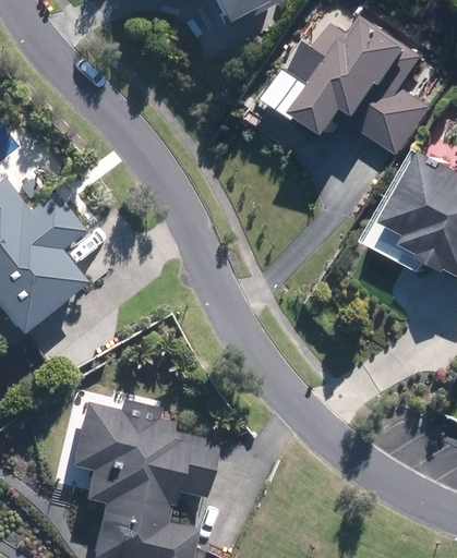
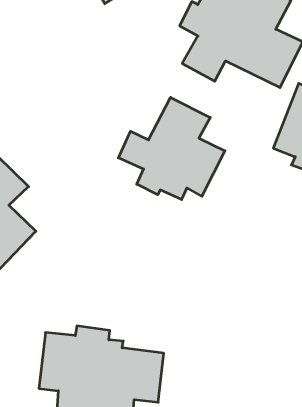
building: none -> [118,97,225,200]

